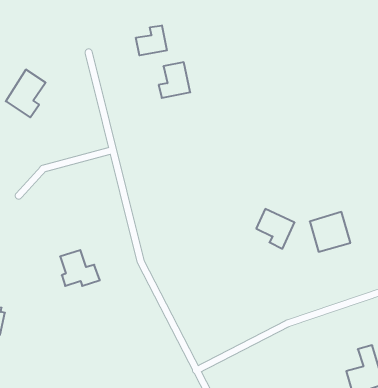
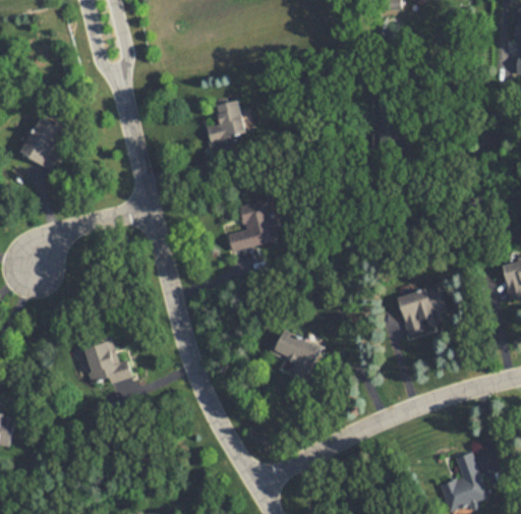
building: [136,25,167,55] -> none
building: none -> [230,203,278,251]
building: [256,209,295,249] -> [272,331,320,381]

